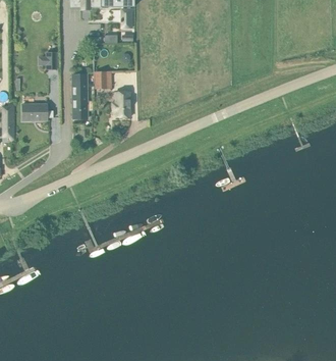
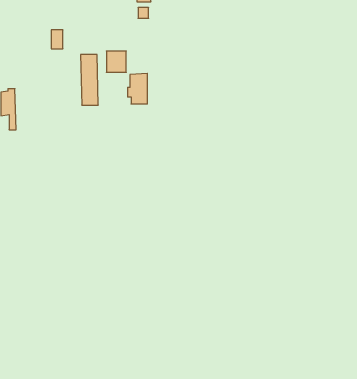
building: [22,103,53,119] -> none

